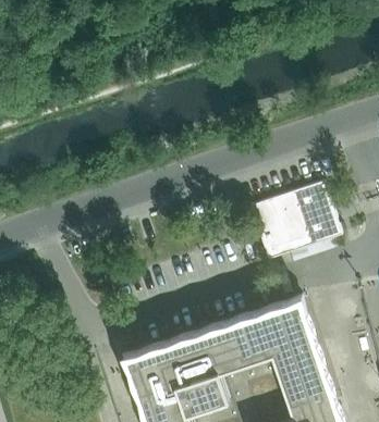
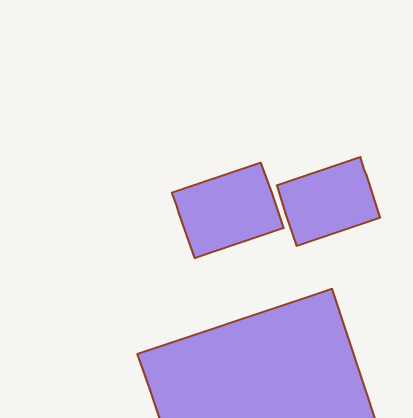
building: none -> [172,163,284,258]

